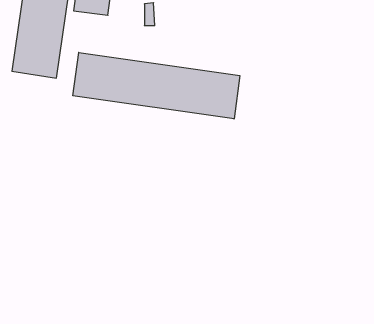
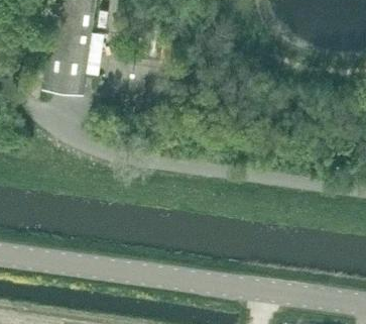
building: [73,52,240,119] -> none

